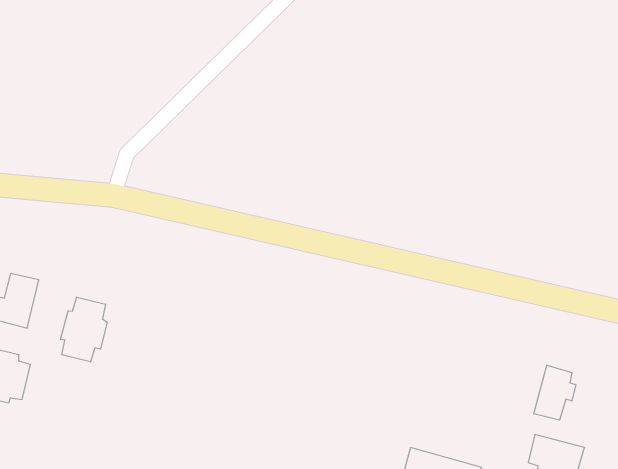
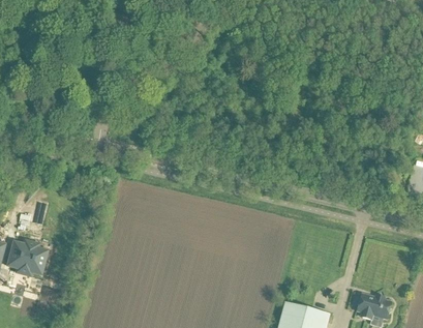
building: [61,297,107,362] -> none
building: [534,365,576,420] -> none

